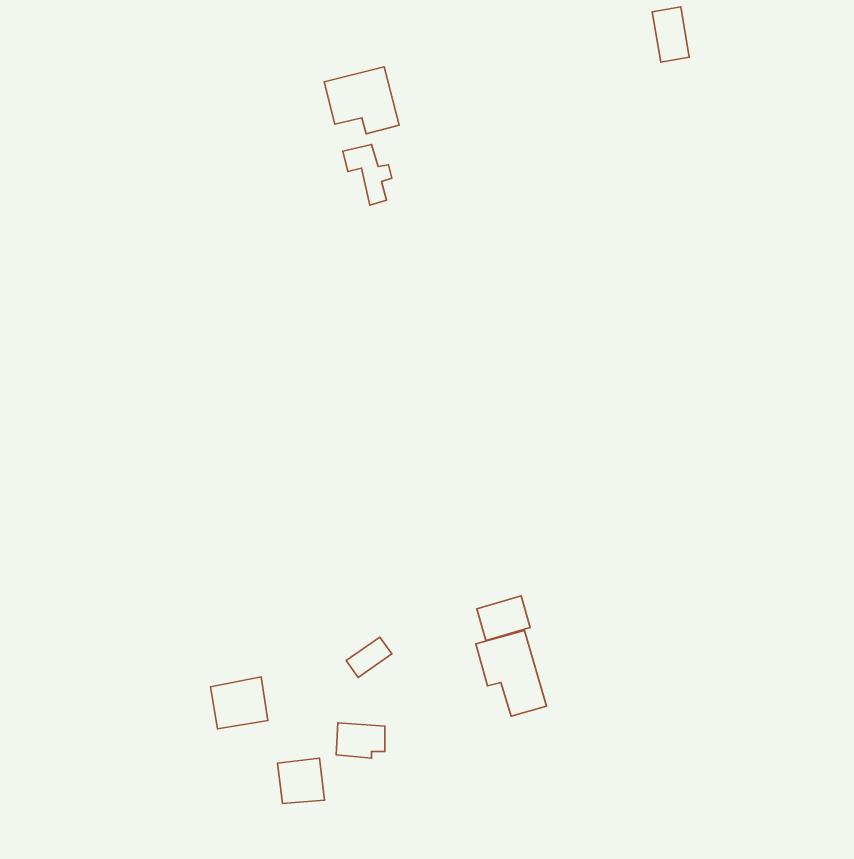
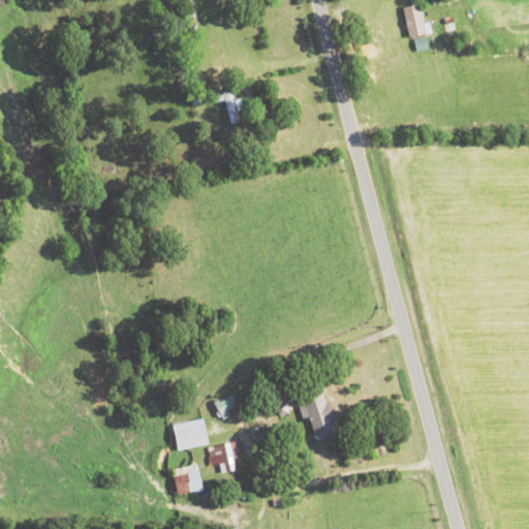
building: [324,67,399,134] -> none
building: [477,596,530,640] -> none
building: [211,677,268,729] -> [174,419,209,452]

